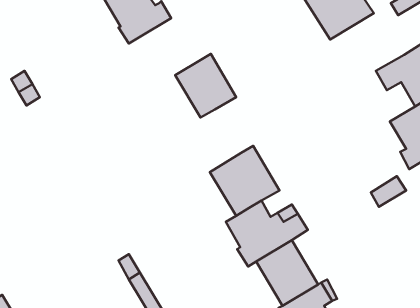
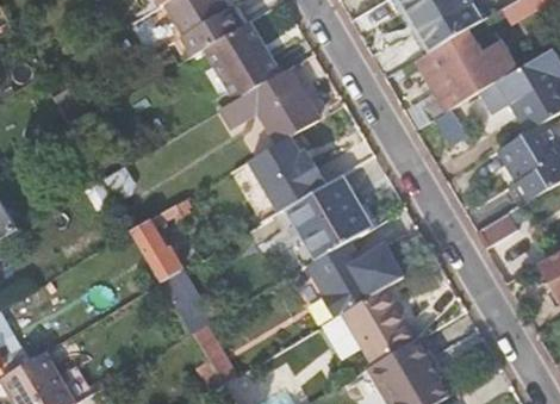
building: none -> [204,23,279,100]
building: none -> [417,31,516,119]
building: none -> [245,133,324,213]
building: none -> [131,215,181,281]

